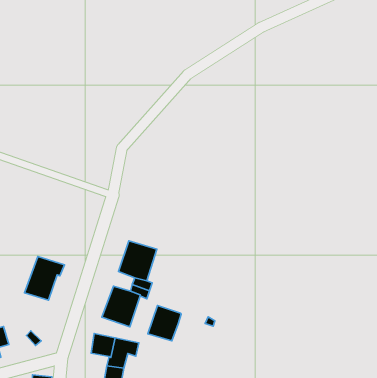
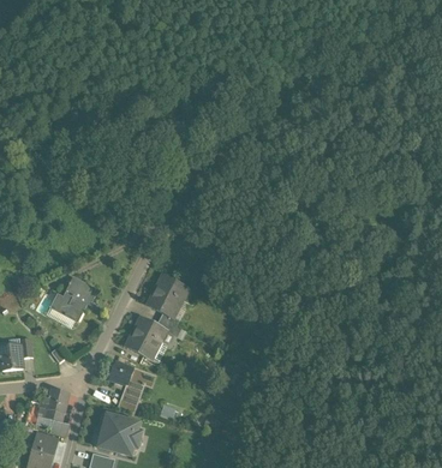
building: [148,305,181,341] -> none

